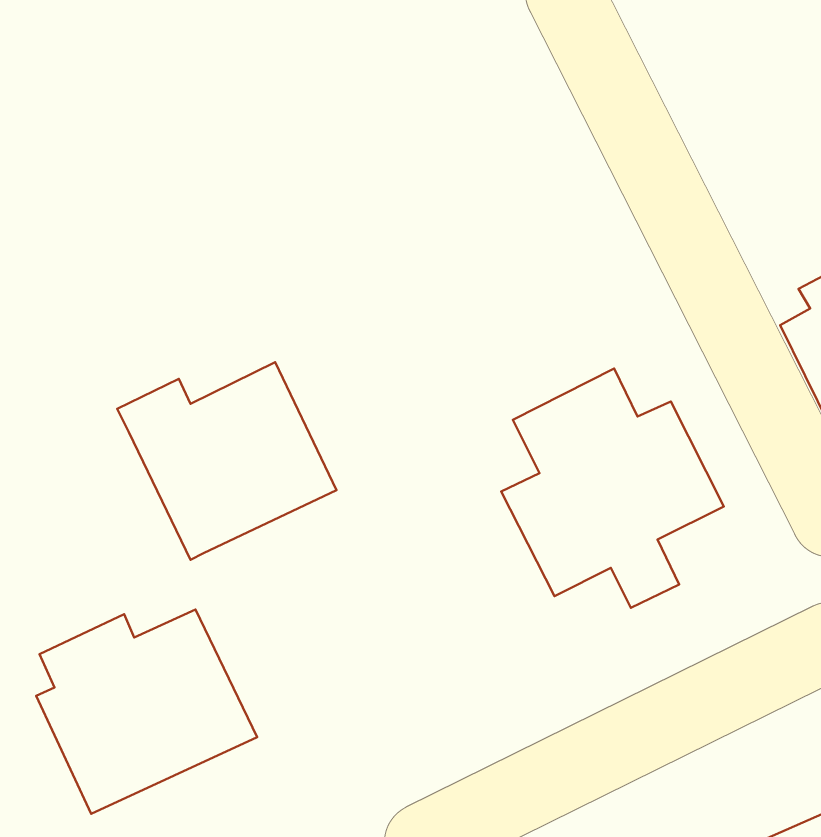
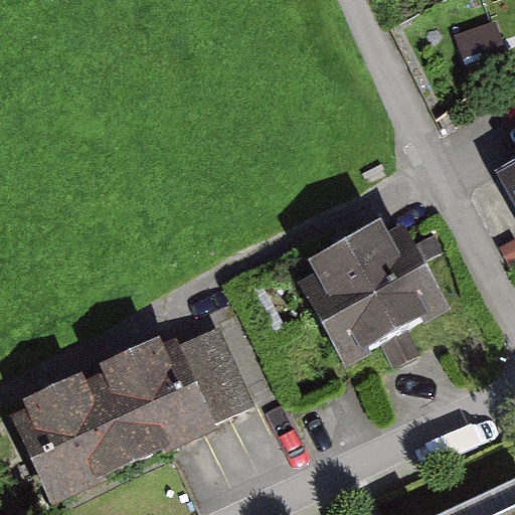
building: [117,362,337,560] -> [119,327,251,447]

